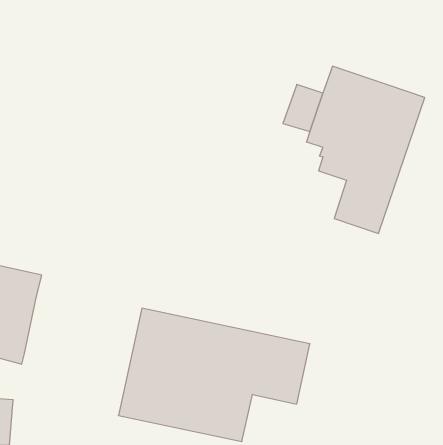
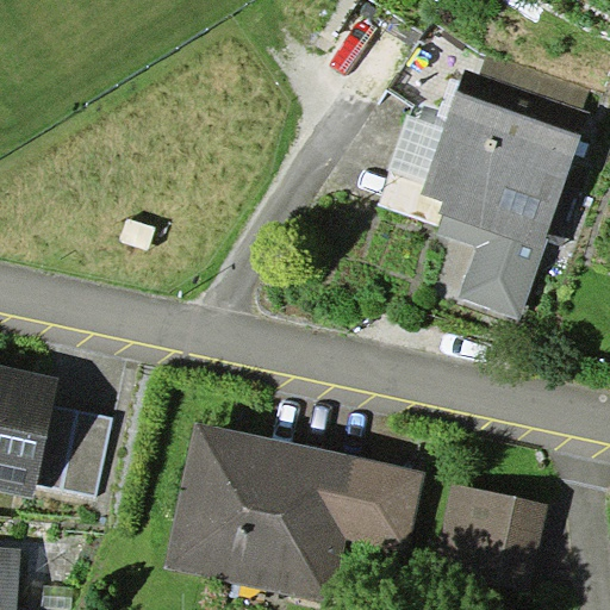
building: none -> [33,405,110,496]
building: none -> [434,483,549,591]

